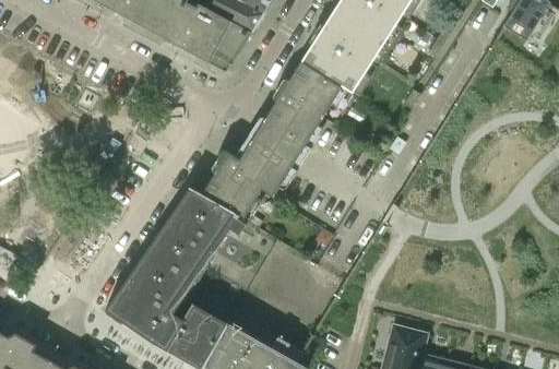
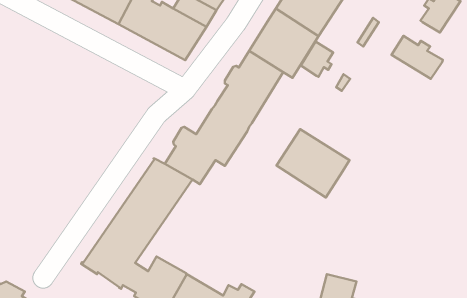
building: none -> [391,36,443,79]
building: none -> [301,41,333,77]
building: none -> [277,129,350,197]

